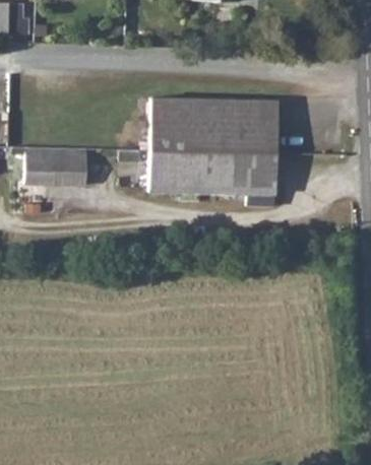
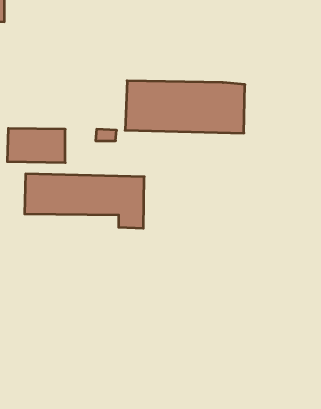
building: [148,150,276,208] -> [25,174,144,228]

